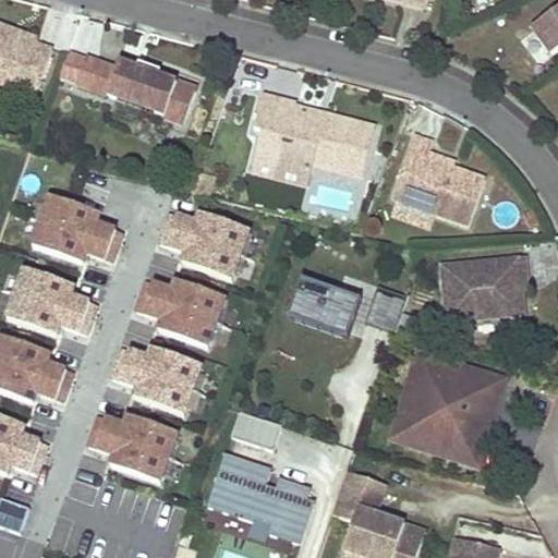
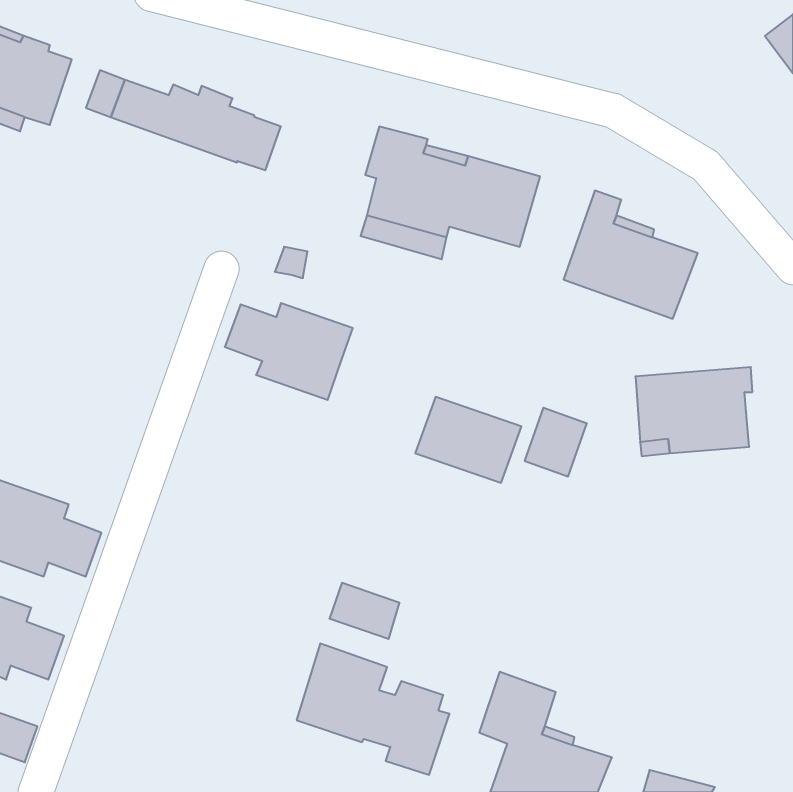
building: [29,195,120,263] -> none
building: [4,267,95,335] -> none
building: [133,279,222,347] -> none
building: [109,347,199,414] -> none
building: [395,352,505,463] -> none
building: [85,414,175,482] -> none

